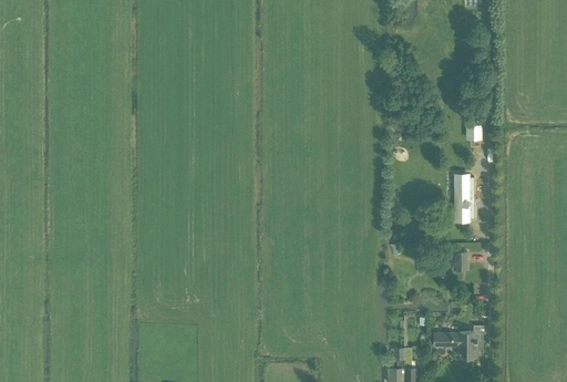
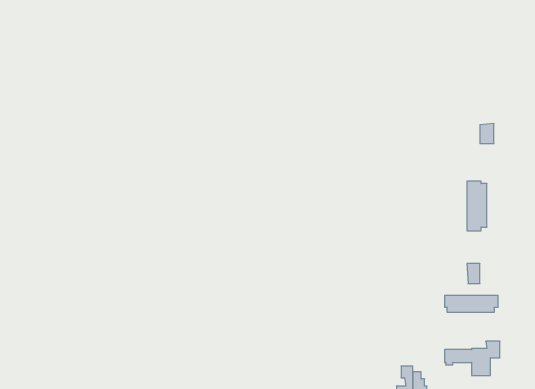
building: none -> [445,295,498,312]

